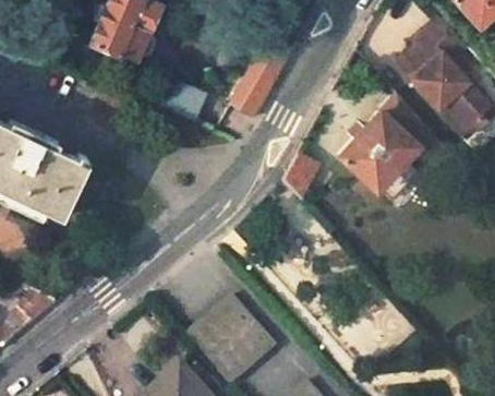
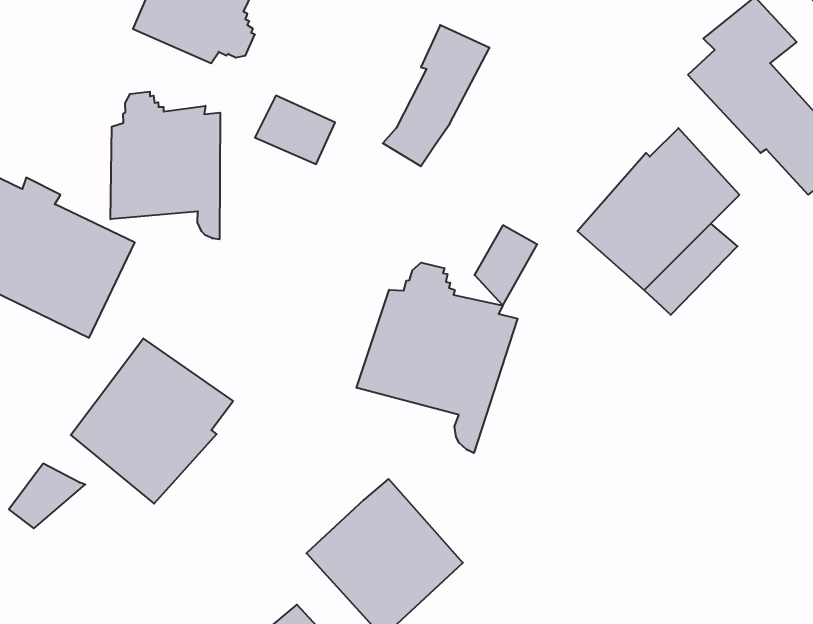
building: none -> [111,92,220,239]
building: none -> [357,263,518,453]
building: none -> [71,338,233,504]

